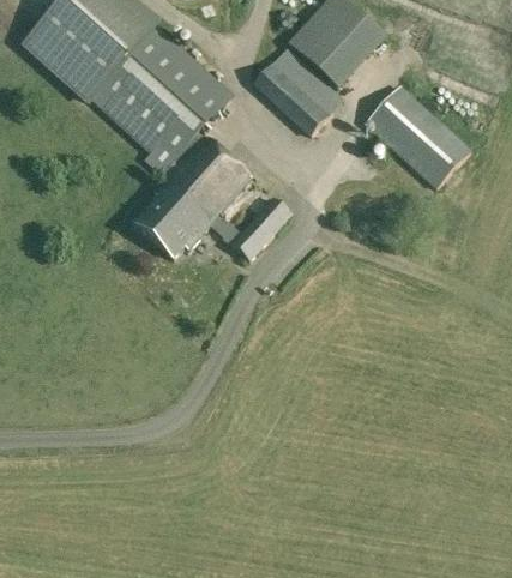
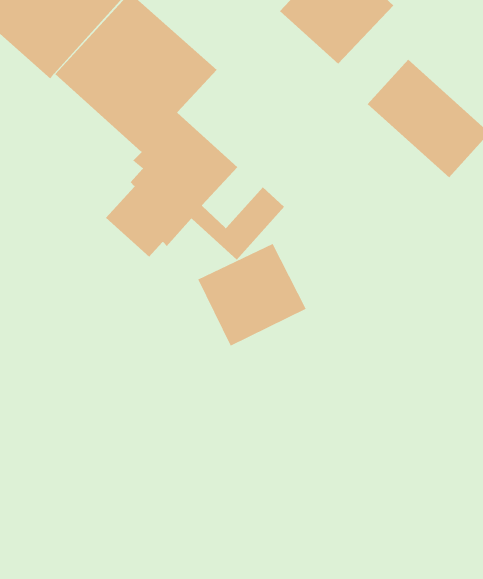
building: [253,46,343,136] -> none
building: none -> [197,243,306,346]

